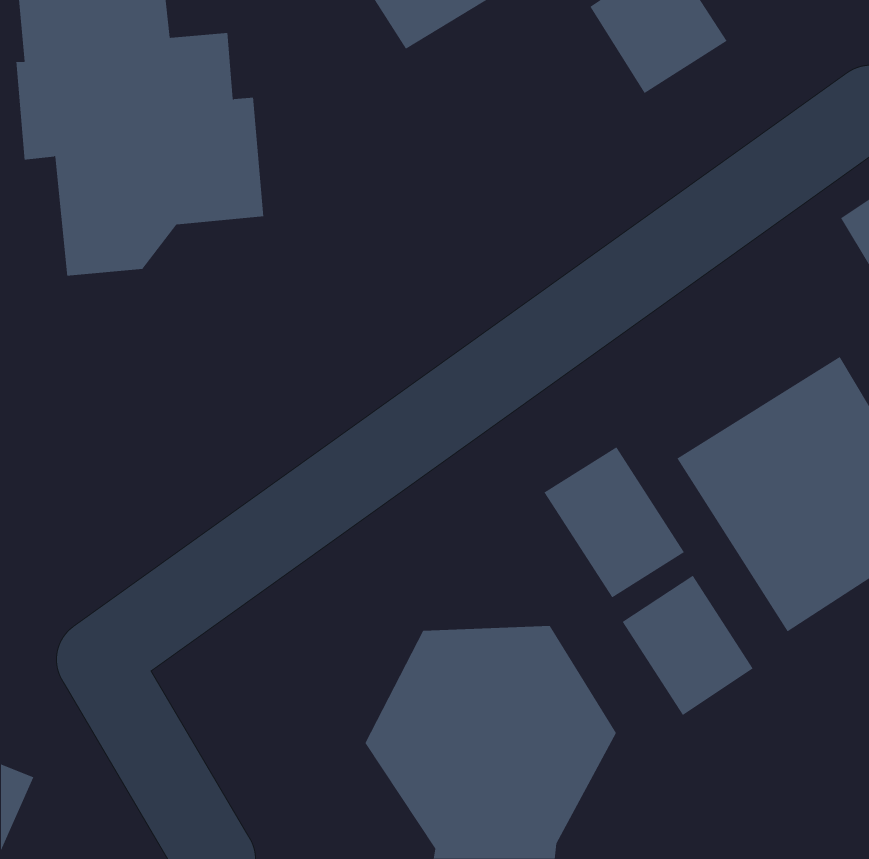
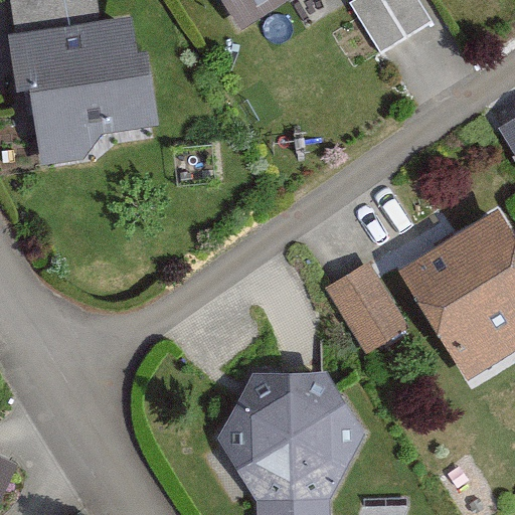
building: [622,575,753,716] -> none

